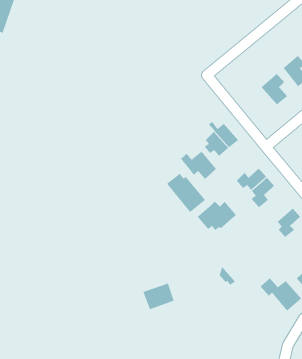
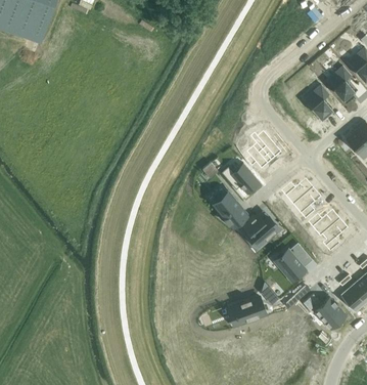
building: none -> [306,213,337,237]
building: none -> [275,245,306,281]
building: [142,283,174,310] -> [233,296,266,324]

